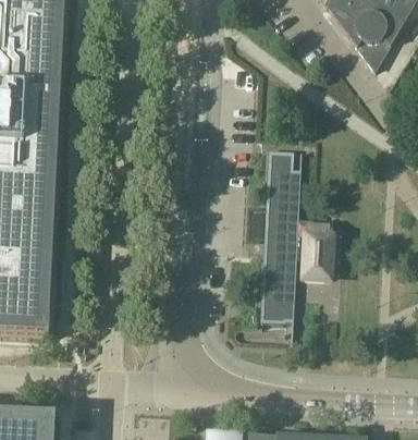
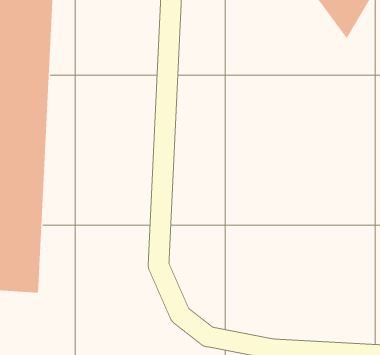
building: [260,148,333,341] -> none

